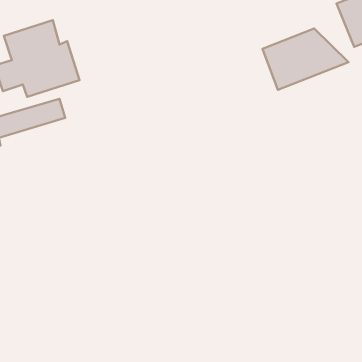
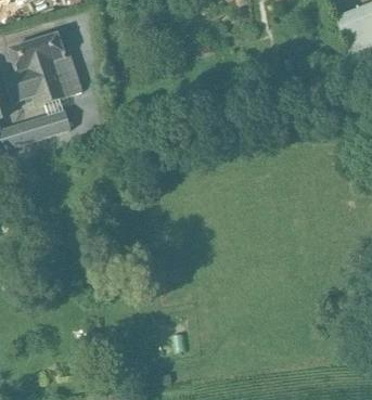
building: [263,28,348,90] -> none

